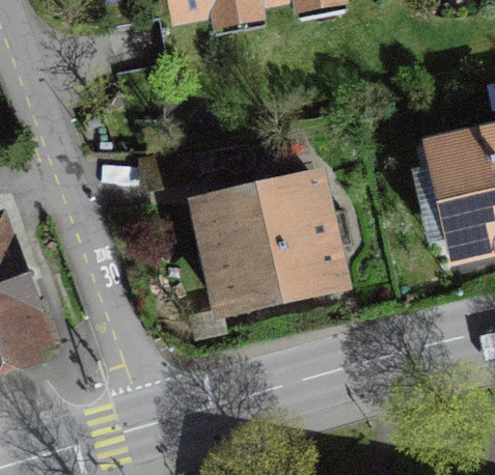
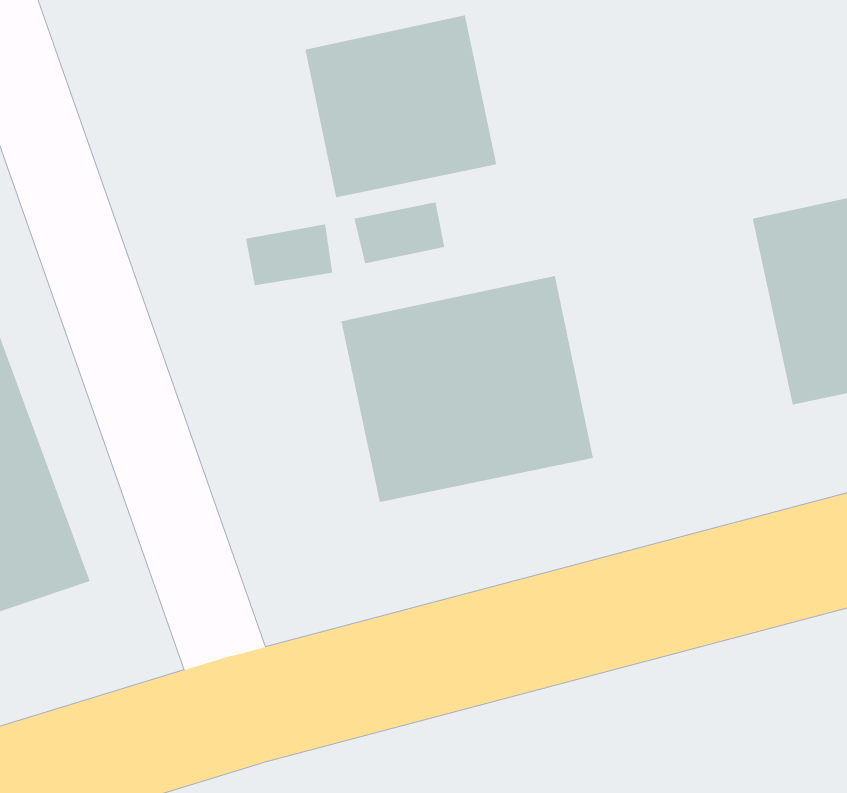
building: none -> [305,15,497,198]

